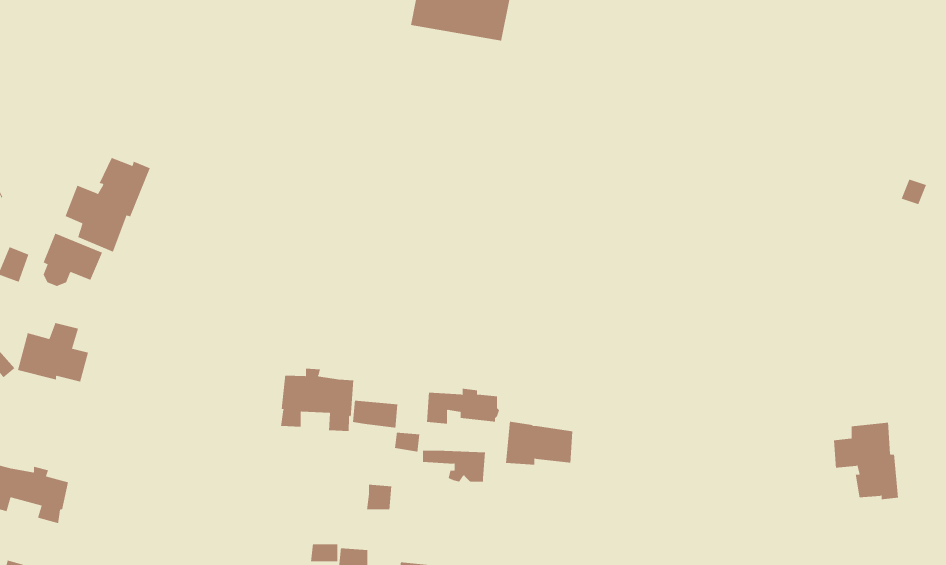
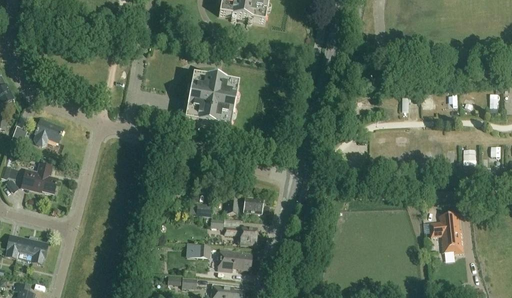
building: none -> [184,75,239,129]
building: [65,157,150,252] -> none
building: [280,368,354,432] -> none
building: [505,421,573,465] -> [217,249,251,271]

